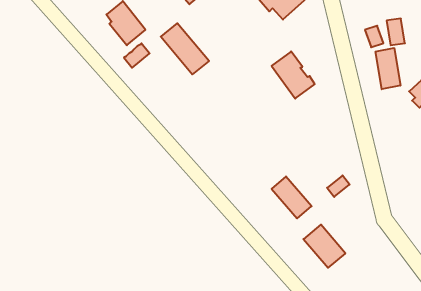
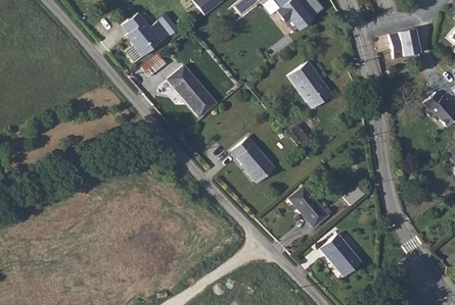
building: [161,23,209,74] -> [168,65,216,116]
building: [376,48,400,89] -> none
building: none -> [233,137,276,184]

